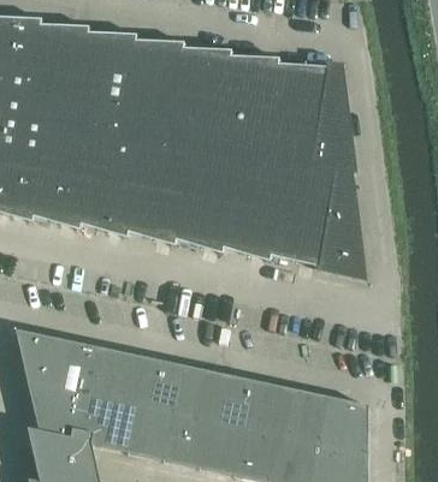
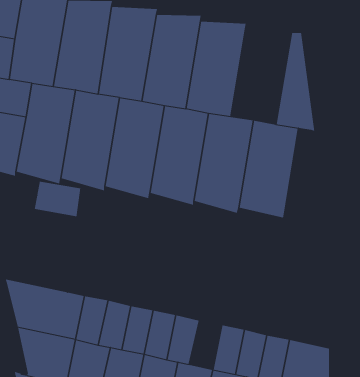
building: [260,63,325,165] -> none
building: [316,168,359,274] -> none
building: none -> [34,181,81,217]
building: [215,374,250,427] -> none

